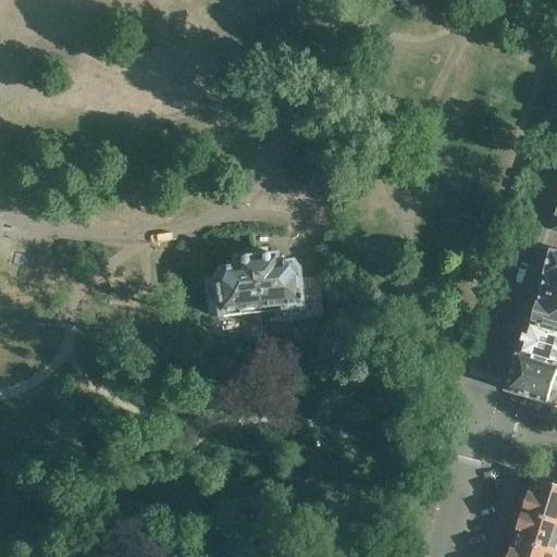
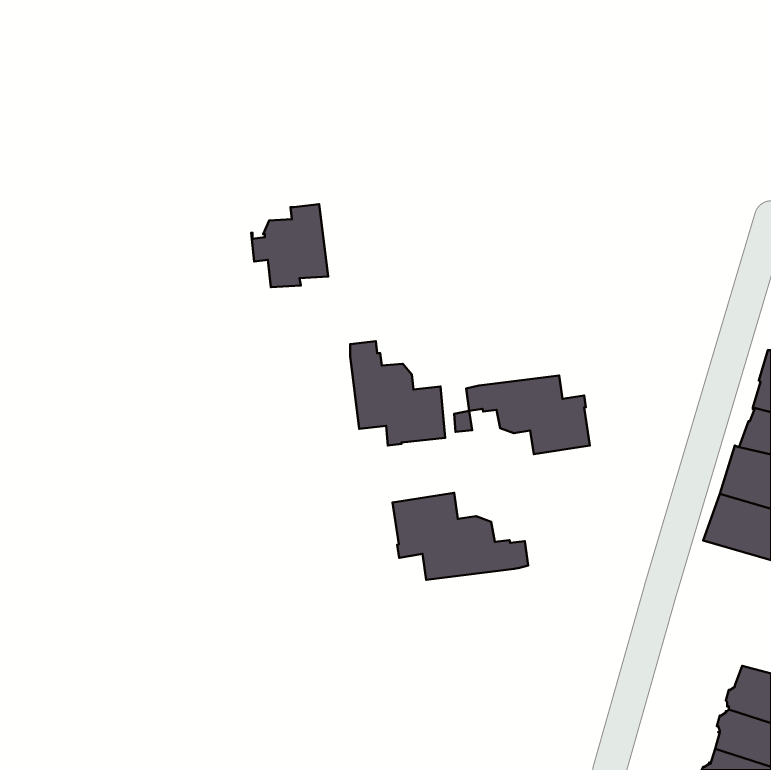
building: [203,257,259,317] -> [251,204,328,287]
building: none -> [466,375,590,454]
building: none -> [393,493,528,580]

